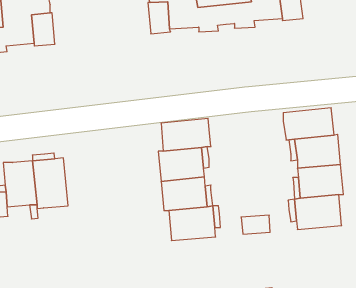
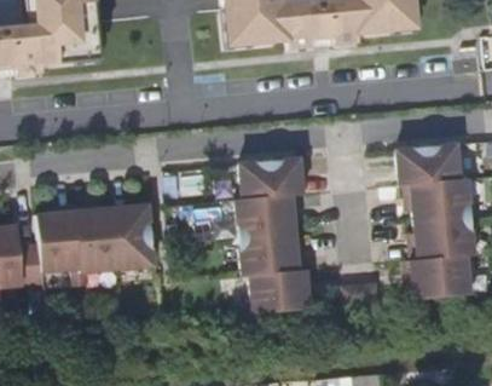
building: none -> [114,203,155,269]

